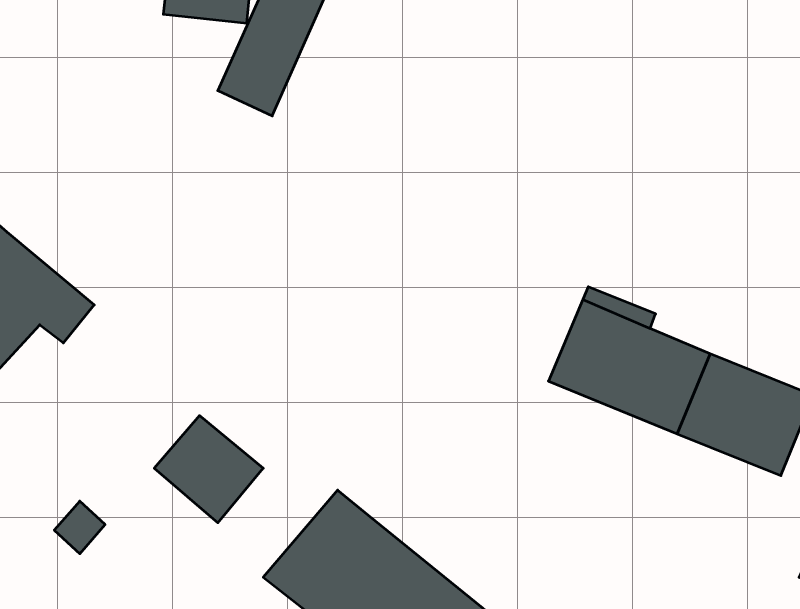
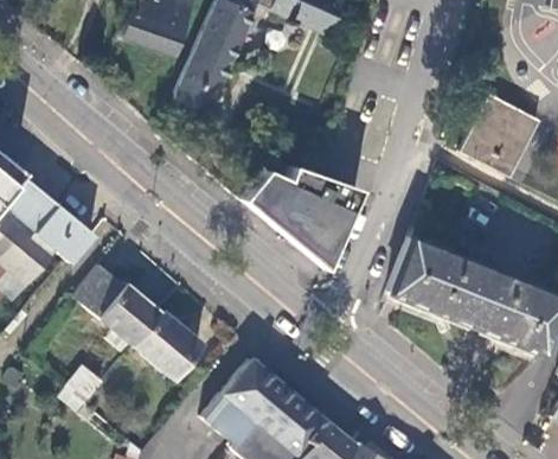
building: none -> [462,94,541,177]
building: none -> [240,165,360,269]
building: none -> [75,266,161,345]

